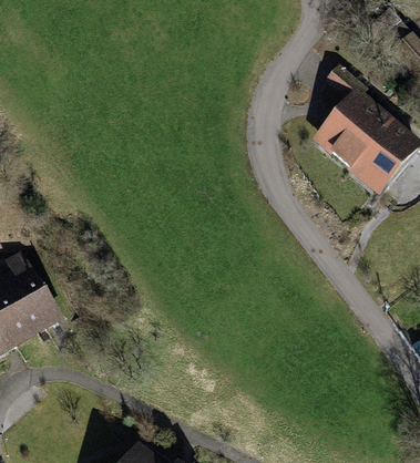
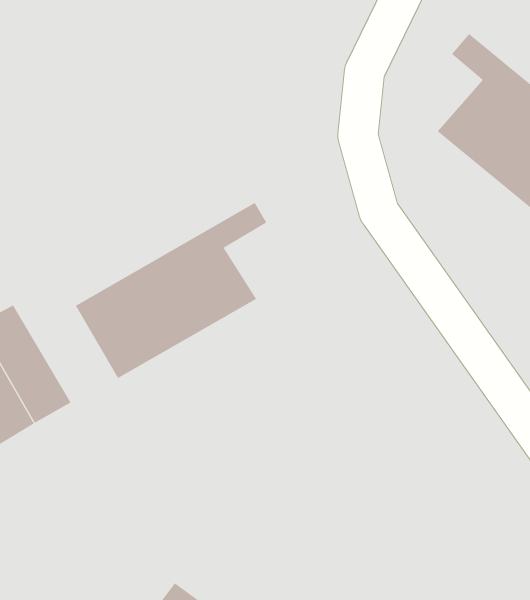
building: none -> [75,202,267,379]

